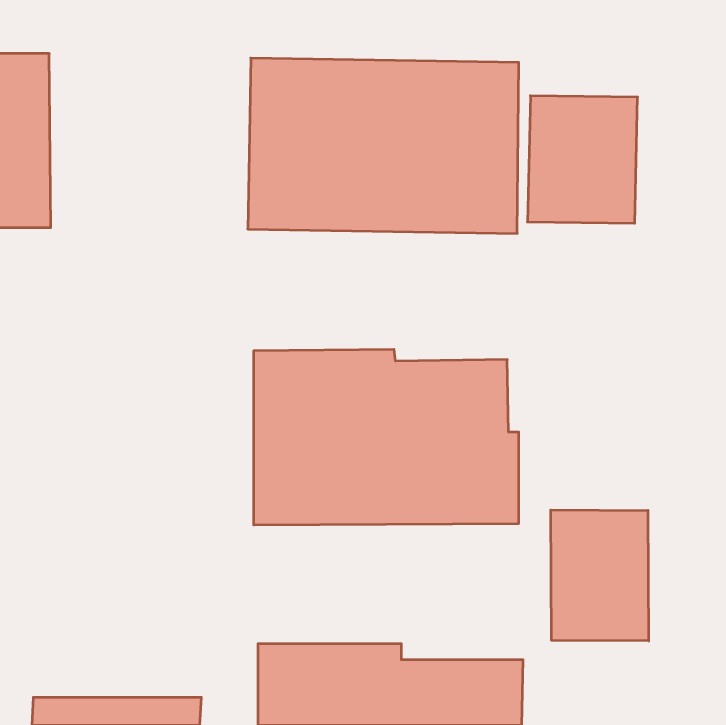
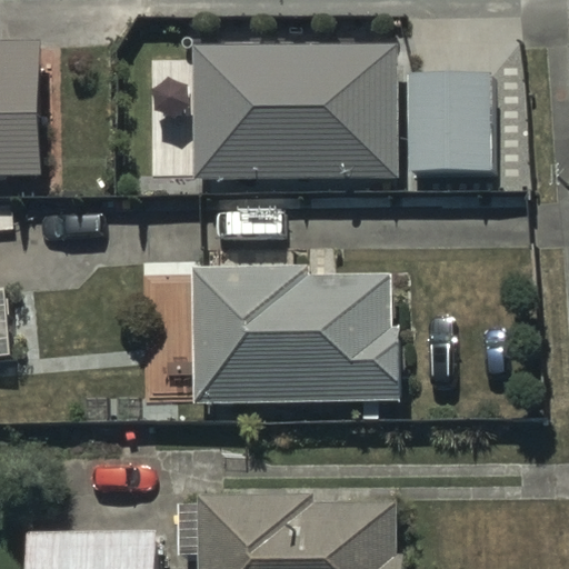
building: [551,510,649,641] -> none

